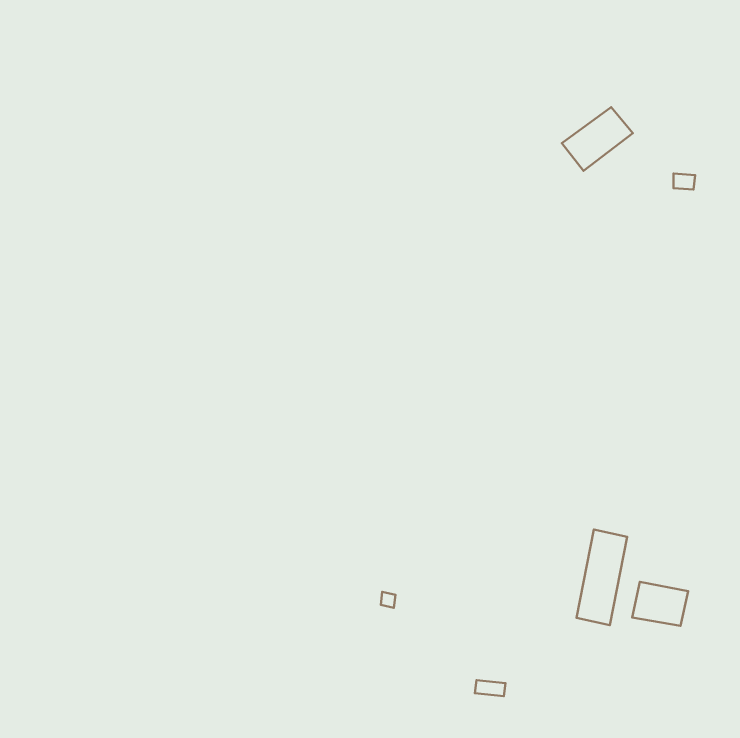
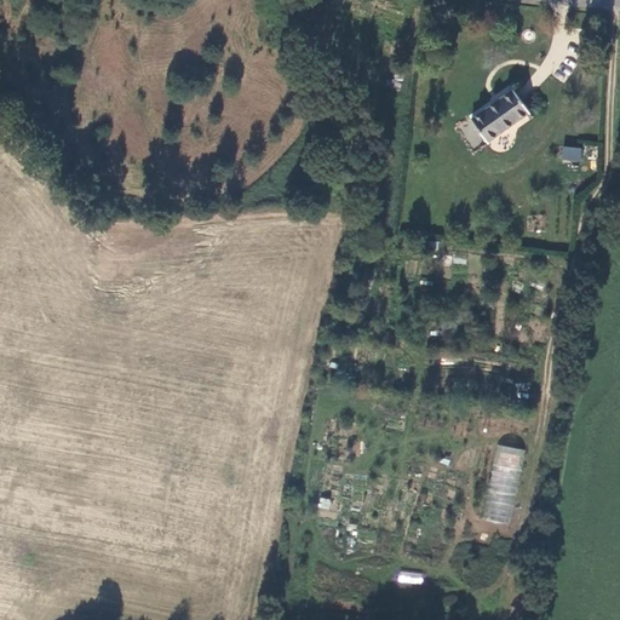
building: [632,582,688,626] -> none

